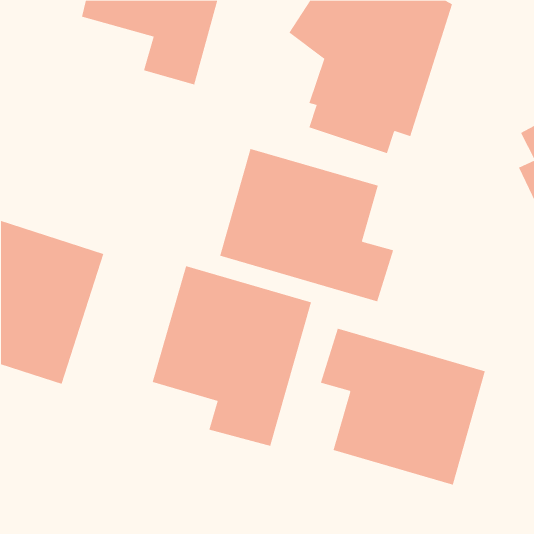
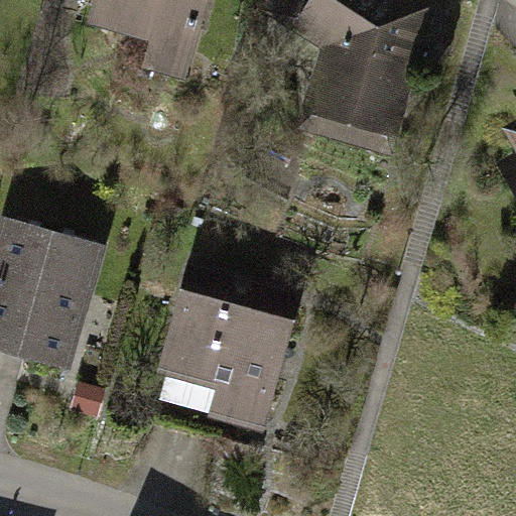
building: [219,148,394,302] -> none
building: [320,328,486,485] -> none

